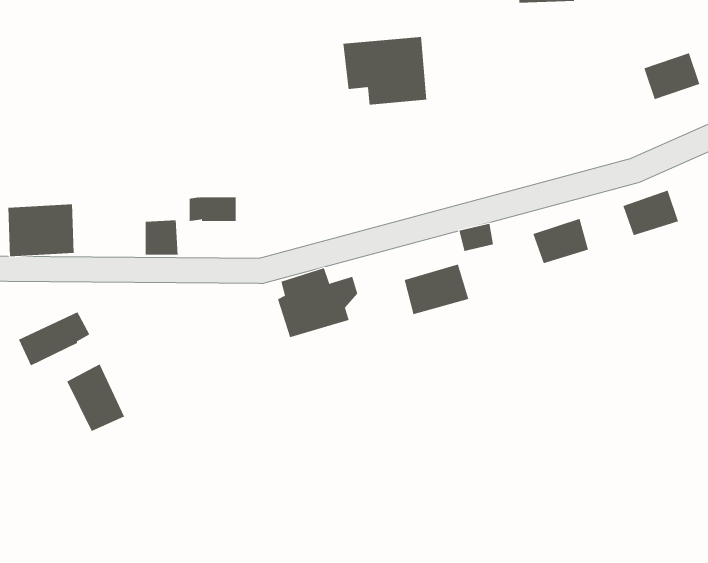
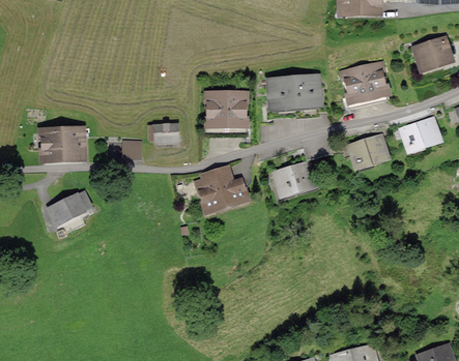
building: [342,37,427,105] -> [269,76,319,116]
building: none -> [345,65,386,106]
building: none -> [210,96,243,133]
building: [66,363,125,432] -> none

